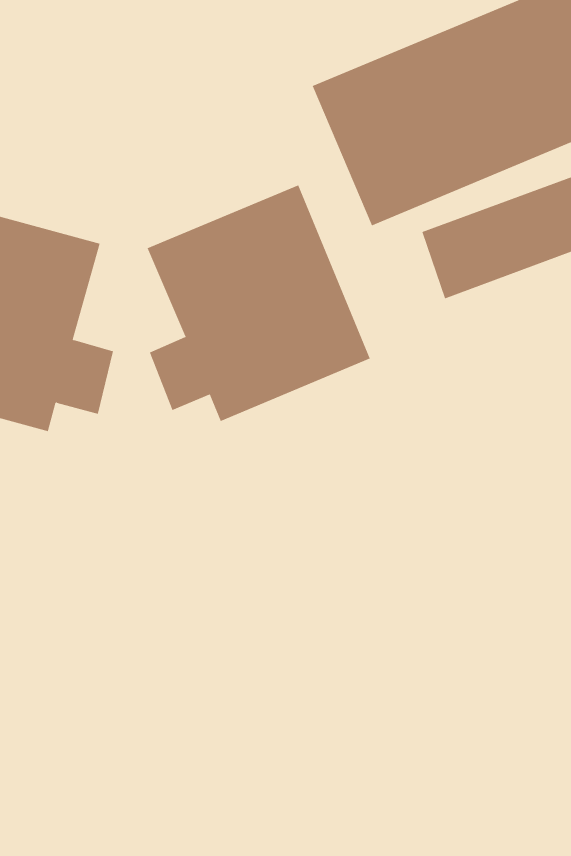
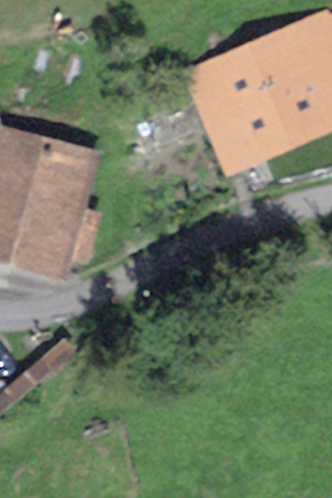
building: [147,184,370,422] -> none

